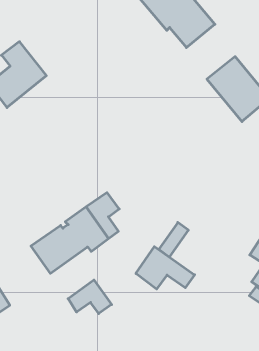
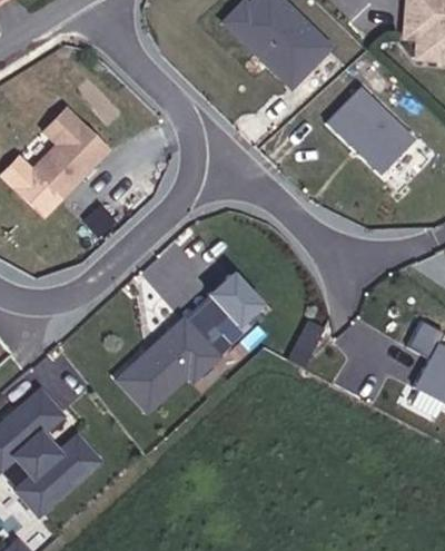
building: none -> [210,272,260,323]
building: [136,247,195,289] -> none
building: [68,280,112,314] -> none

